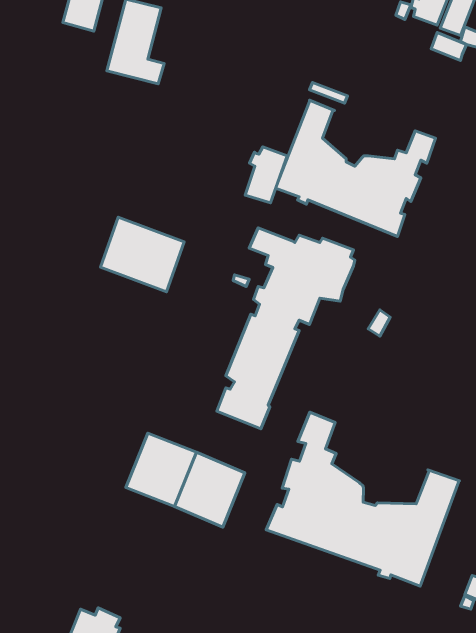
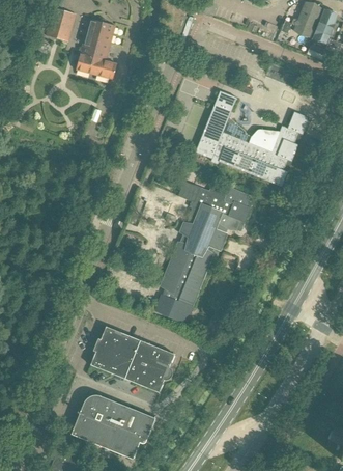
building: [245,147,287,203] -> none
building: [101,217,184,292] -> none
building: [266,412,460,586] -> none
building: none -> [72,395,154,459]

